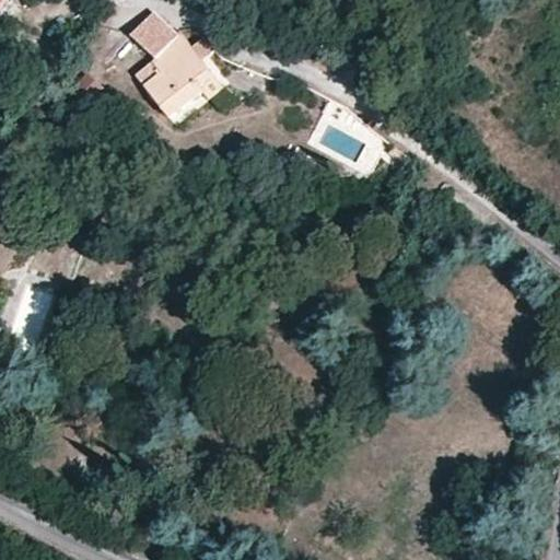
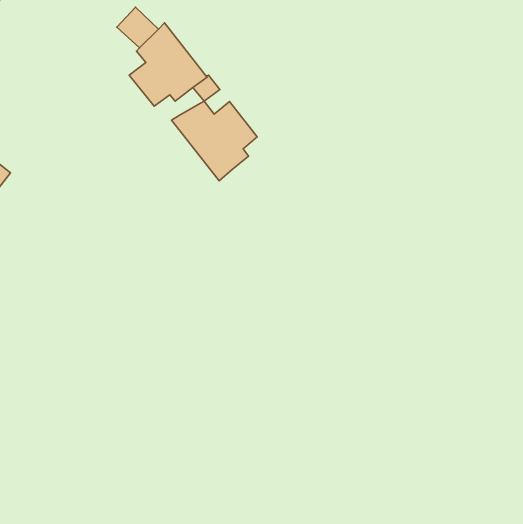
building: none -> [171,101,257,181]

